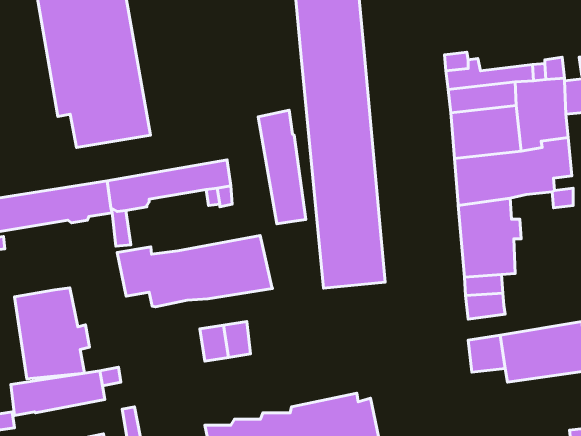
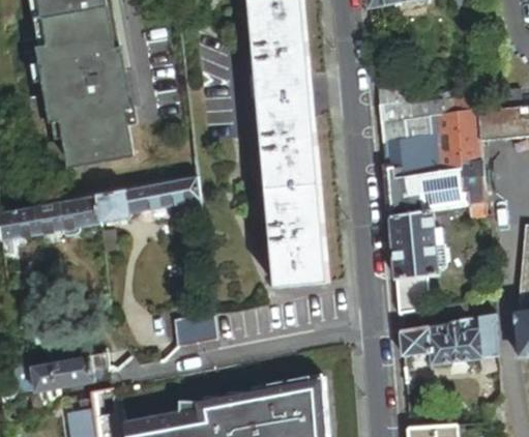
building: [258,110,306,224] -> none
building: [117,235,272,307] -> none
building: [14,288,90,379] -> none

